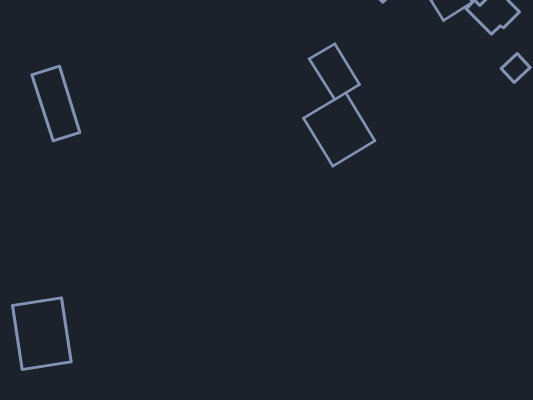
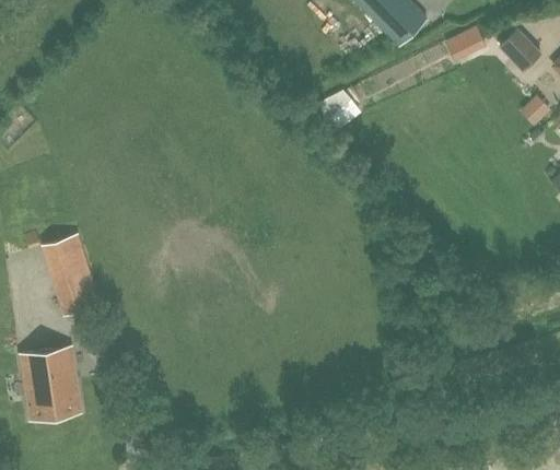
building: [32,66,80,141] -> [47,236,96,313]
building: [304,93,375,166] -> none

